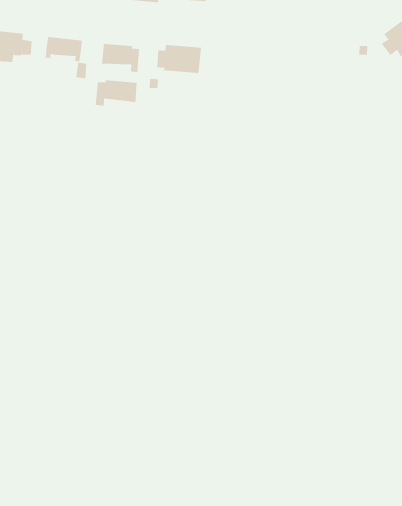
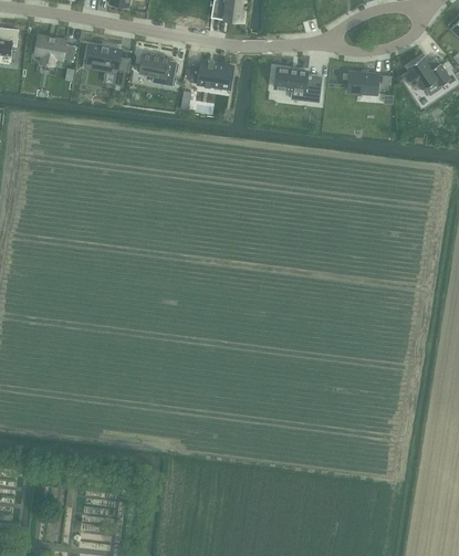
building: none -> [347,71,379,94]
building: none -> [273,67,322,102]
building: [95,80,137,106] -> none

